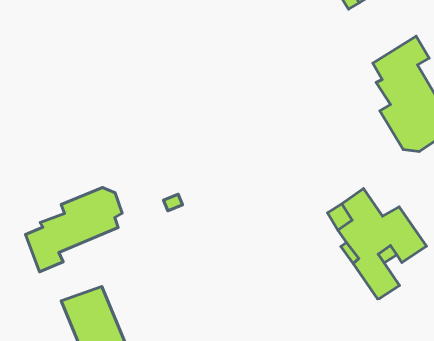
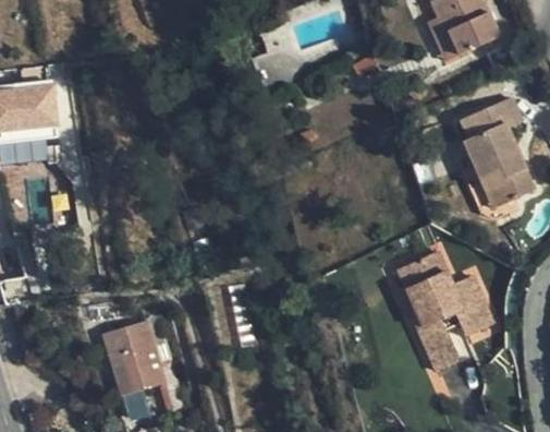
building: [26,188,122,272] -> none

